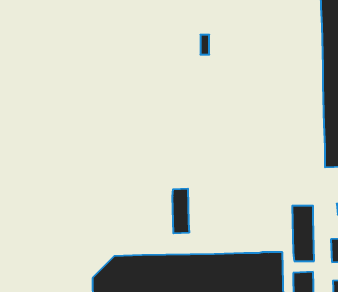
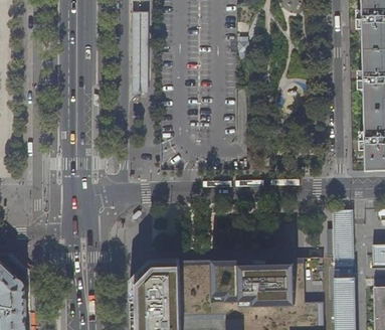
building: [173,189,189,233] -> none

